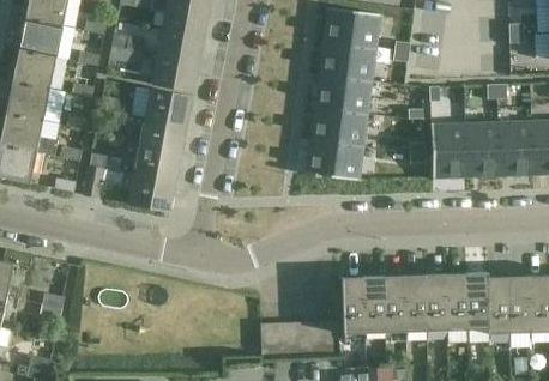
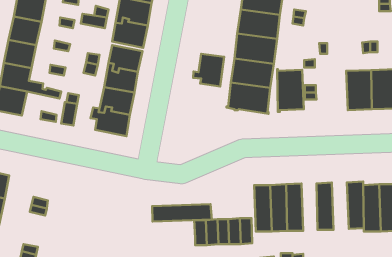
building: none -> [193,54,224,86]
building: [432,121,467,179] -> [277,69,304,112]
building: [446,272,469,335] -> none
building: [405,273,427,337] -> none
building: none -> [152,204,212,222]

